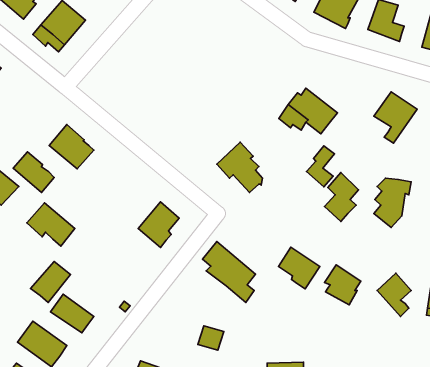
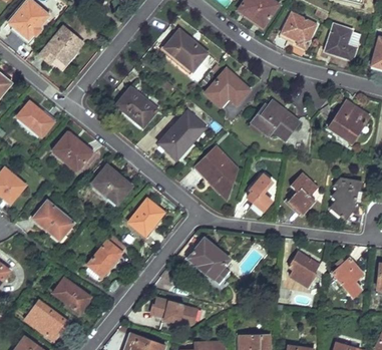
building: none -> [163,30,207,70]
building: none -> [205,68,250,105]
building: none -> [116,86,156,125]
building: none -> [159,111,205,156]
building: [306,146,335,187] -> [248,174,272,210]
building: [13,152,54,193] -> [17,100,52,135]
building: none -> [92,166,131,203]
building: [279,247,320,289] -> none
building: [31,262,70,303] -> [87,241,121,276]
building: none -> [147,293,184,324]

